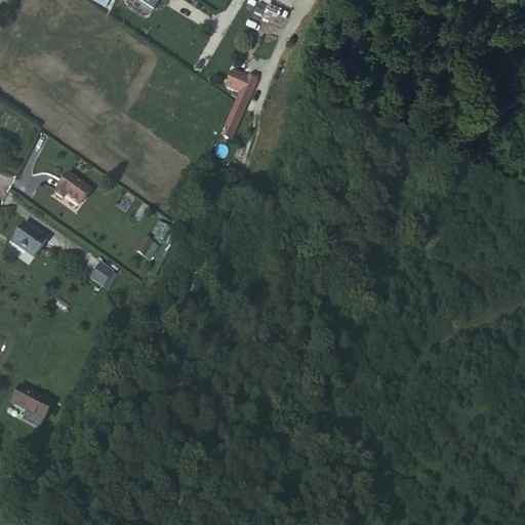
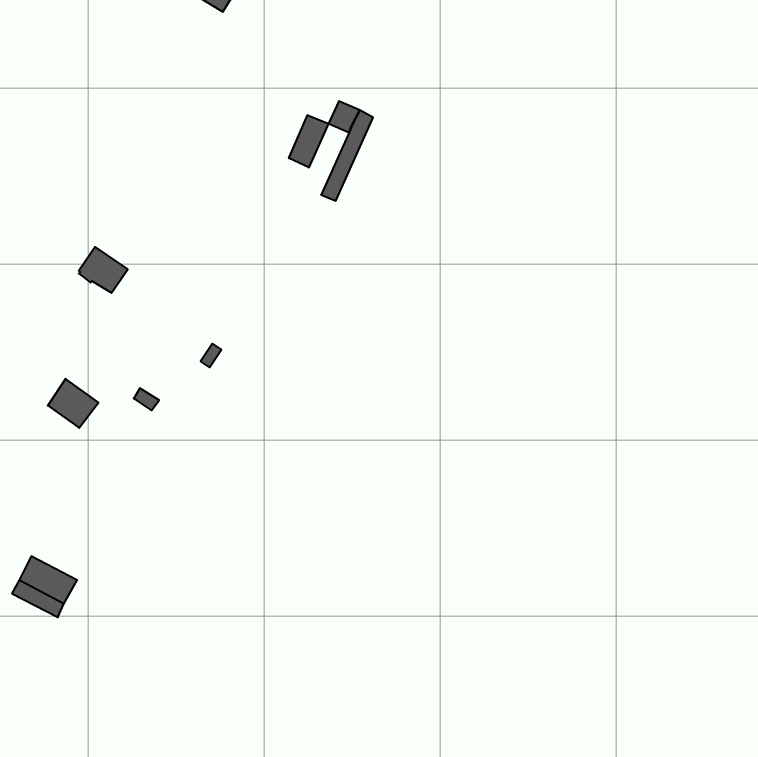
building: none -> [289,115,328,168]
building: [11,220,46,254] -> [48,379,98,428]

